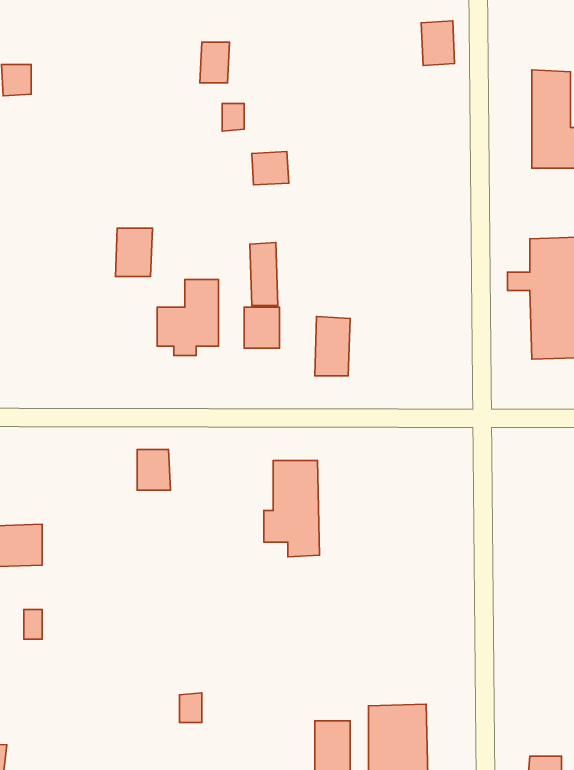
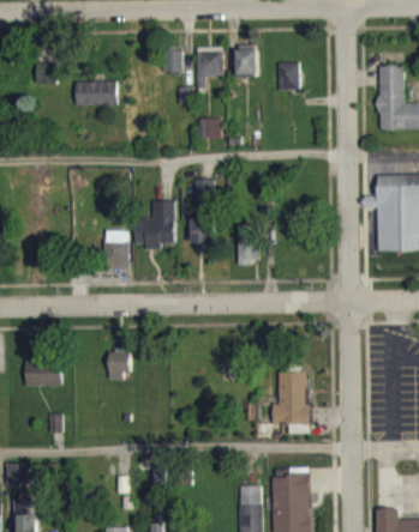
building: [421,21,455,65] -> [277,61,299,90]
building: none -> [235,46,257,77]
building: none -> [196,47,222,87]
building: none -> [74,80,116,105]
building: [115,228,152,277] -> [104,230,128,261]
building: [137,449,170,490] -> [108,350,130,376]
building: [264,460,319,557] -> [273,371,309,434]

